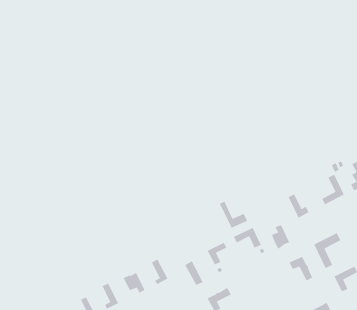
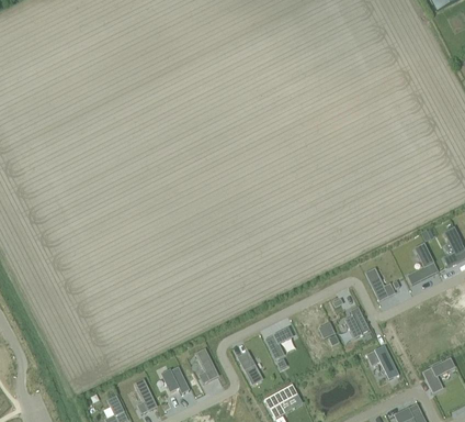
building: [219,201,248,229] -> none
building: [313,232,341,269] -> none

